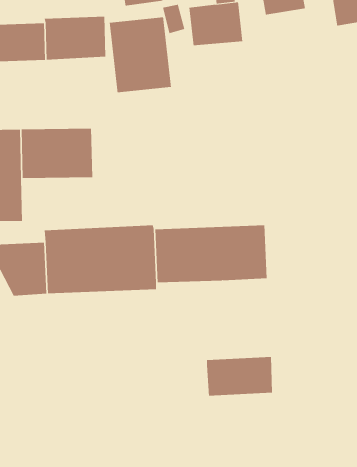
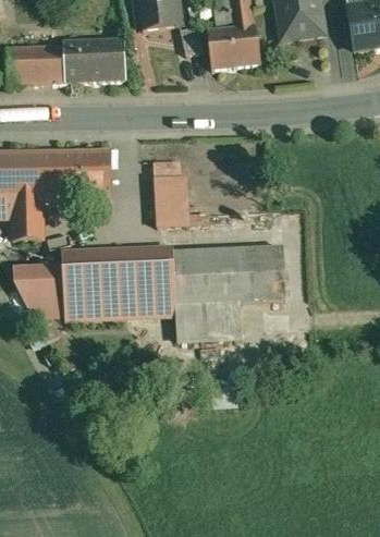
building: [109,16,171,93] -> none
building: none -> [154,174,188,225]
building: [206,356,273,396] -> [174,301,241,340]

